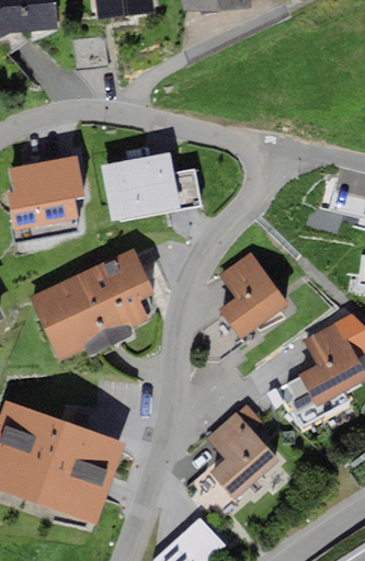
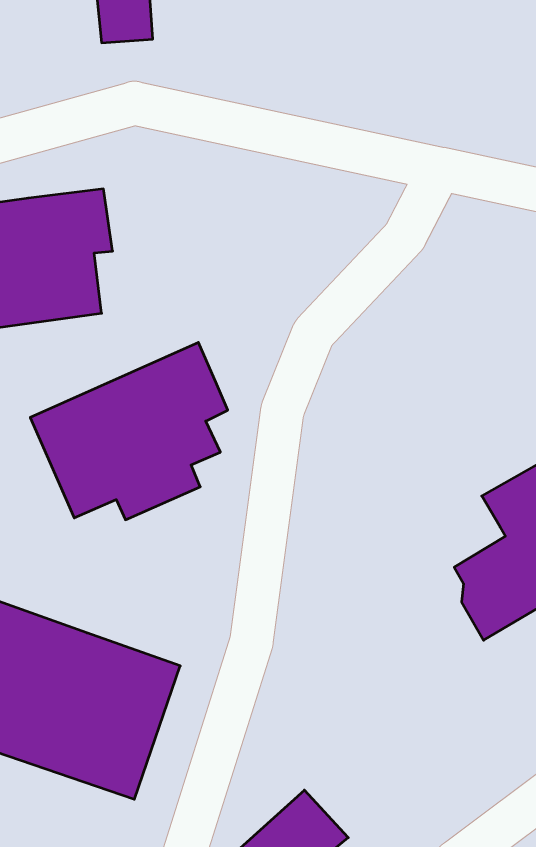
building: [103,151,203,220] -> none
building: [218,252,286,336] -> none
building: [207,402,277,495] -> none

